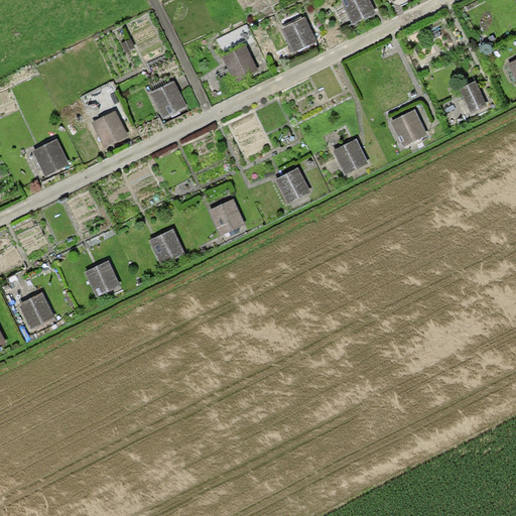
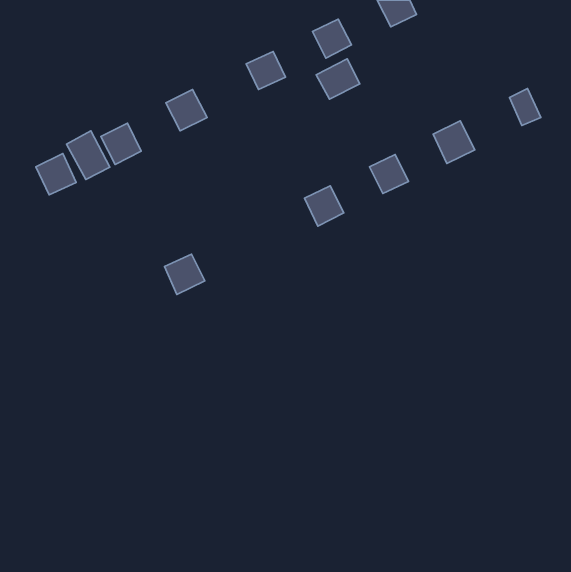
building: none -> [316,59,360,99]
building: none -> [67,131,110,179]
building: [208,199,245,235] -> none
building: [84,260,120,297] -> none
building: [17,292,54,330] -> none

